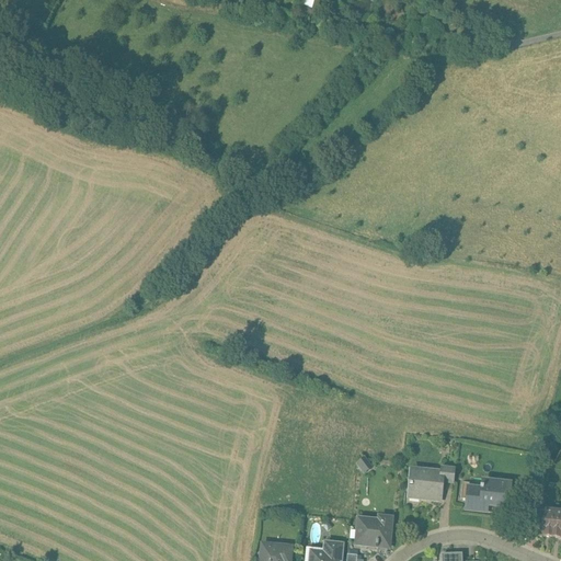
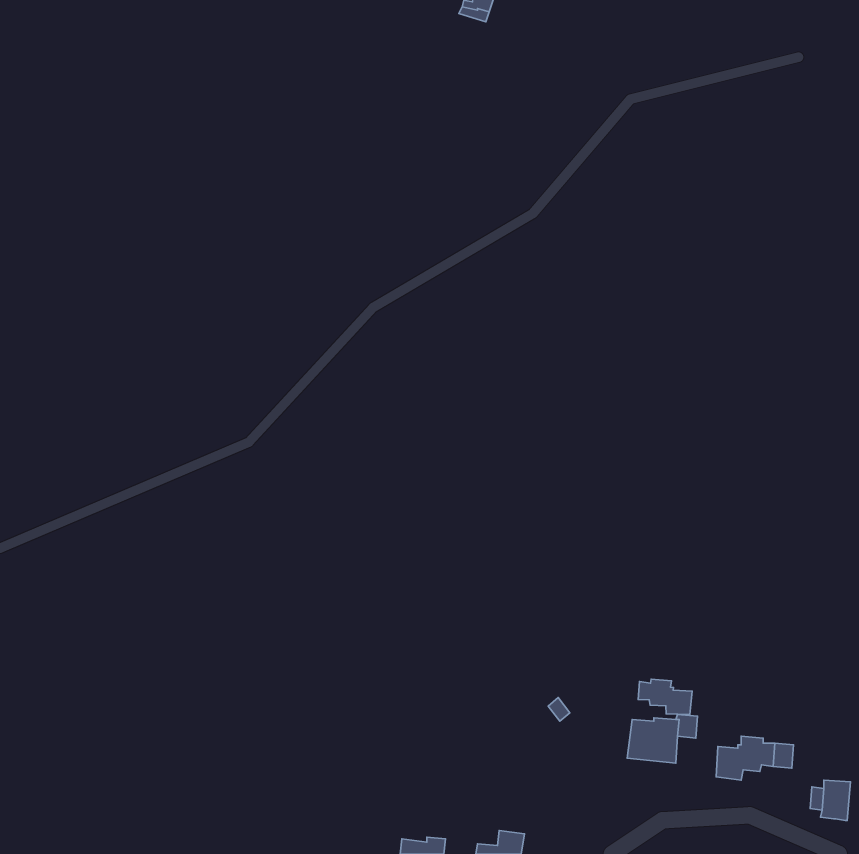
building: none -> [638,679,692,714]
building: [357,516,391,546] -> none

